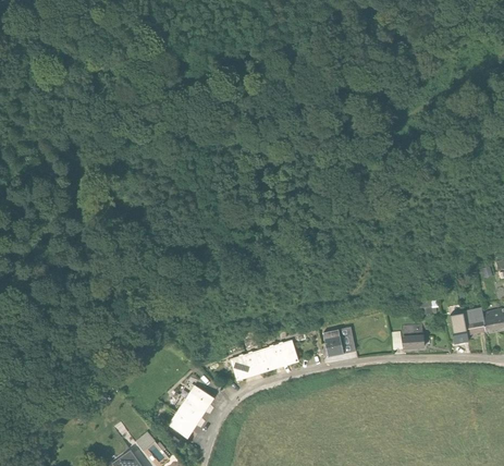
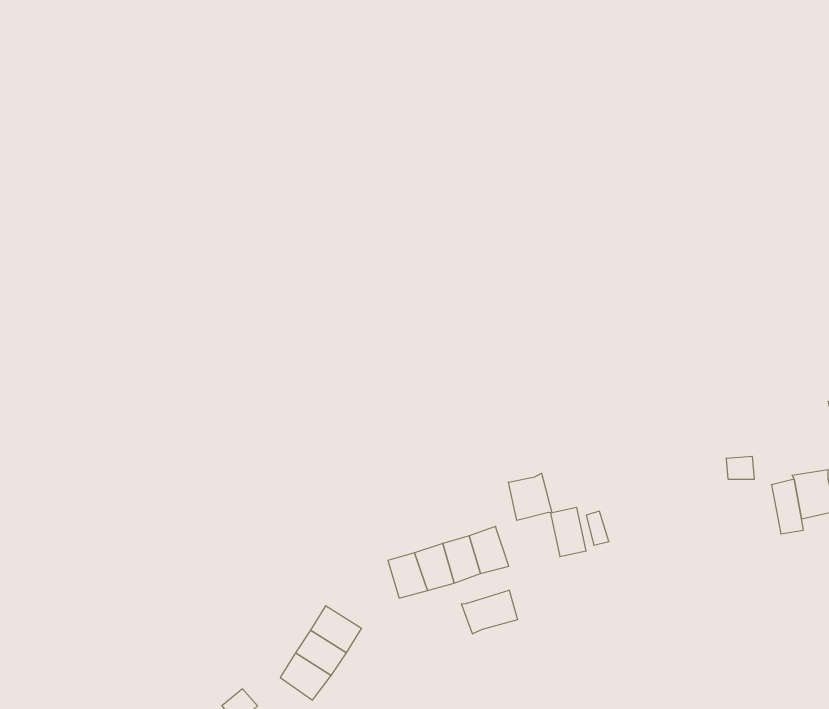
building: none -> [509,473,552,520]
building: [403,323,426,348] -> none
building: none -> [462,590,517,634]

